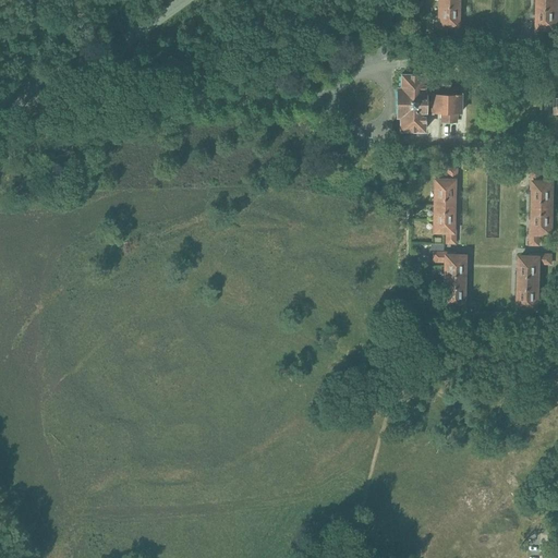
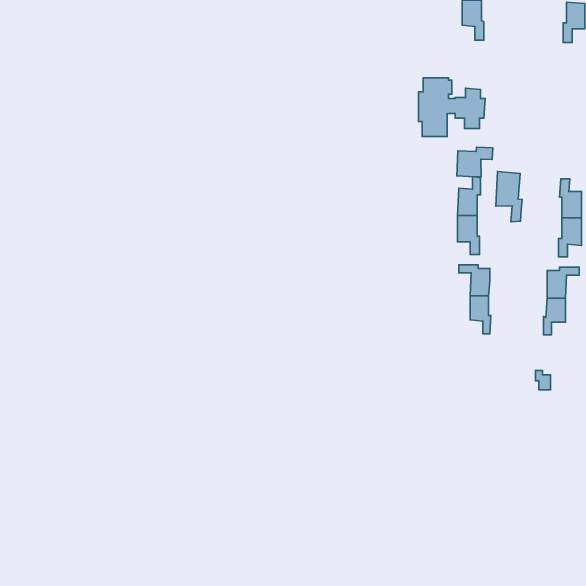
building: none -> [457,147,493,177]
building: none -> [496,172,522,222]

